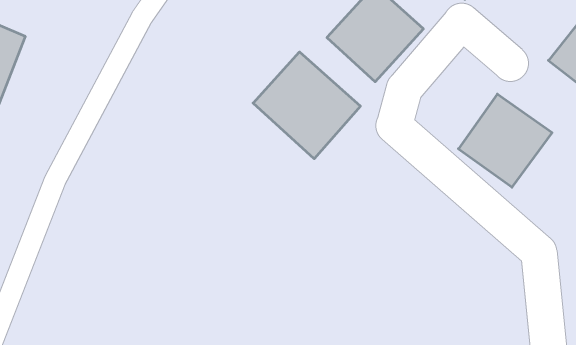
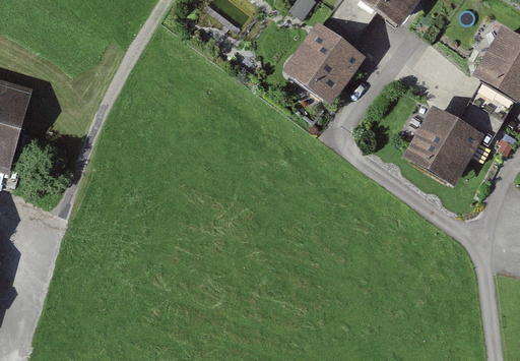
building: [253,52,360,159] -> none

